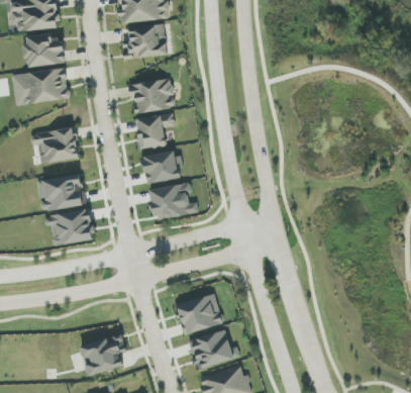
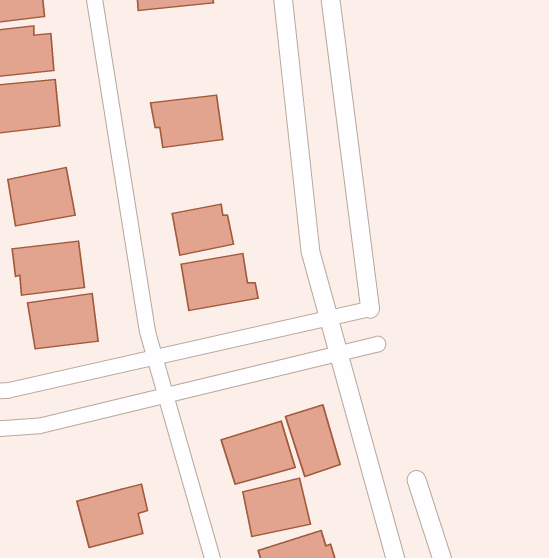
building: [123,25,167,58] -> none
building: [135,113,175,150] -> none
building: none -> [285,405,340,477]

